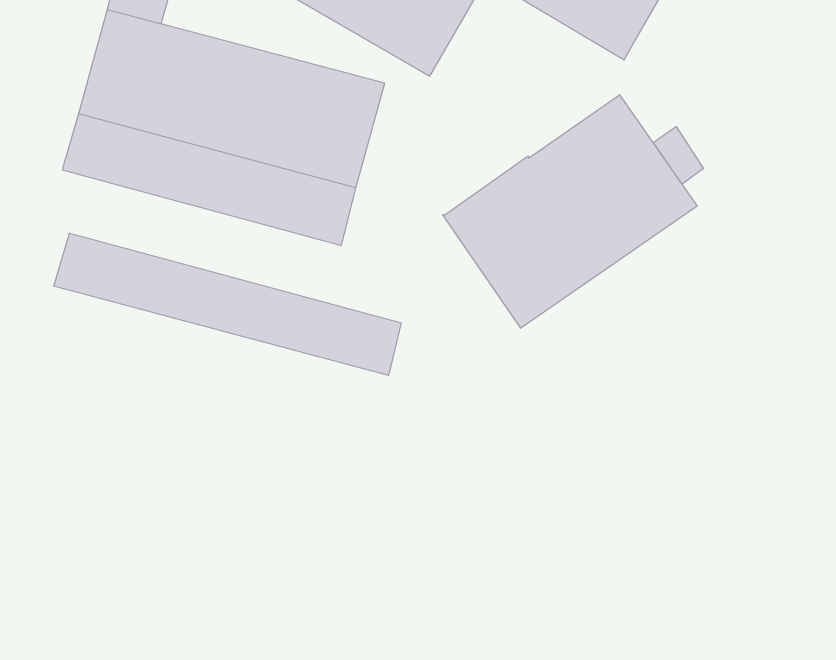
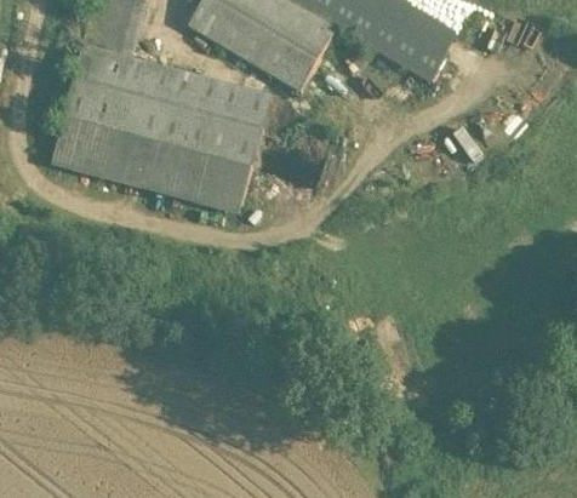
building: [443,95,697,328] -> none
building: [54,233,401,375] -> none

